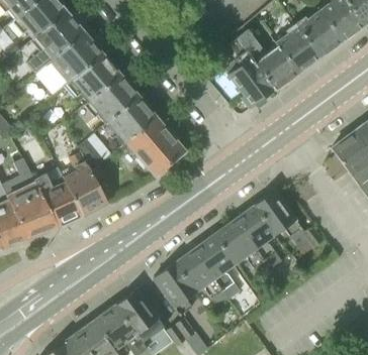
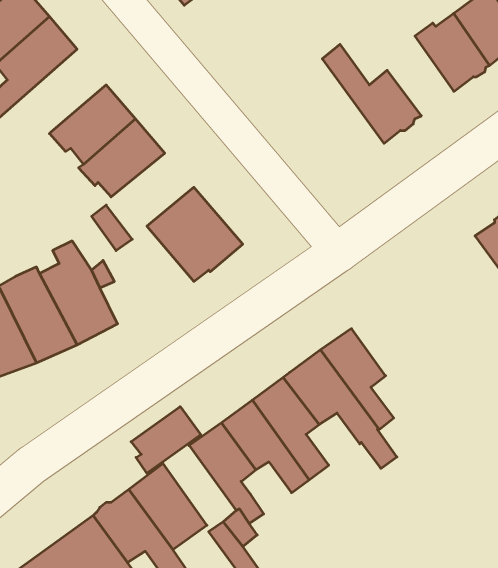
building: [274,23,318,73] -> none
building: [50,31,102,83] -> none
building: [228,37,275,108] -> none
building: [103,96,157,145] -> none
building: [255,190,323,253] -> none
building: none -> [131,407,201,473]

